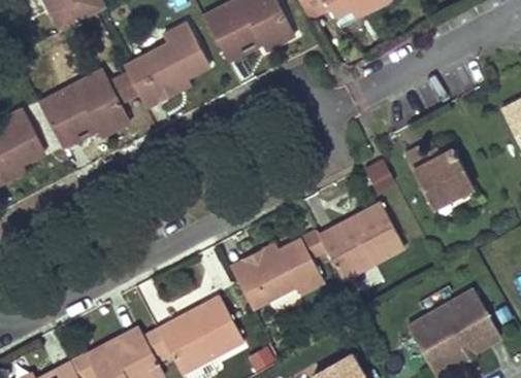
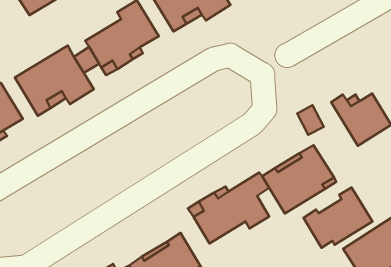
building: none -> [303,187,373,248]

